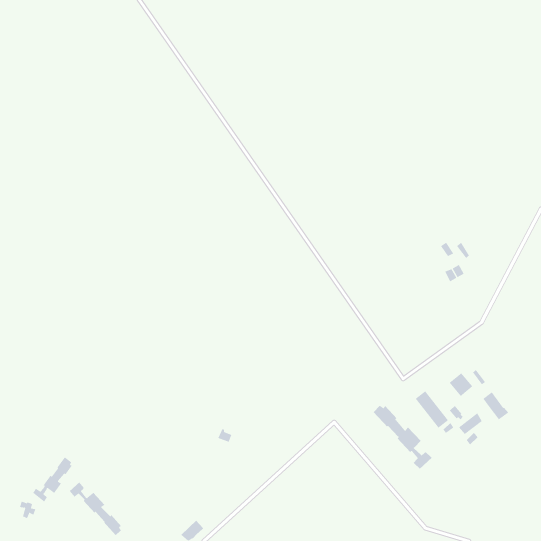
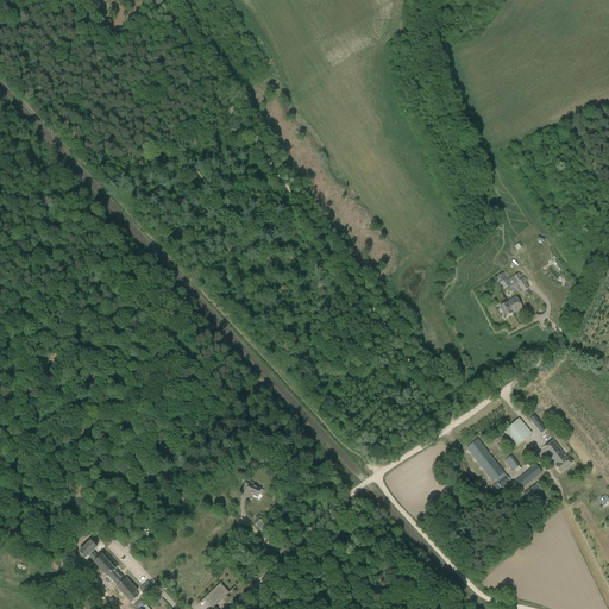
building: [373,405,432,470] -> none
building: [33,456,73,502] -> none

